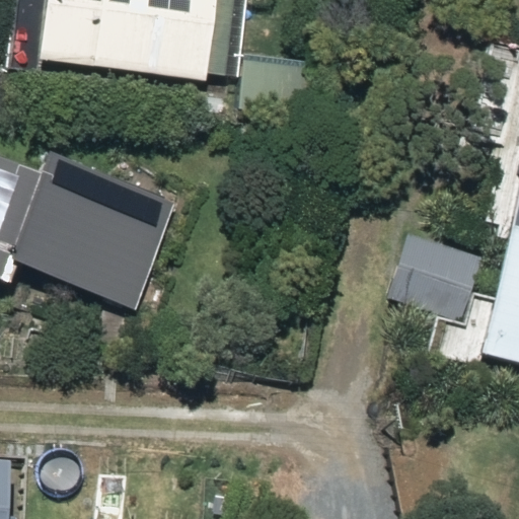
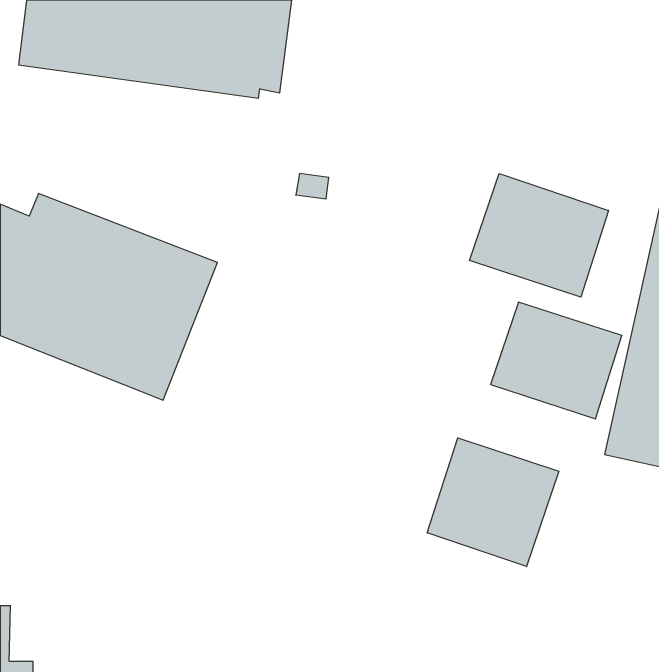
building: none -> [470,174,609,297]
building: none -> [427,438,559,567]

